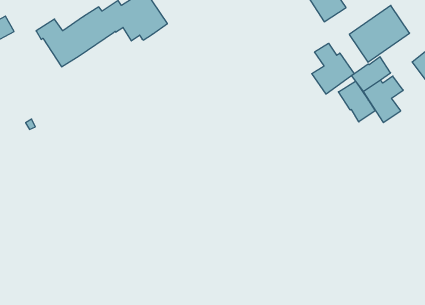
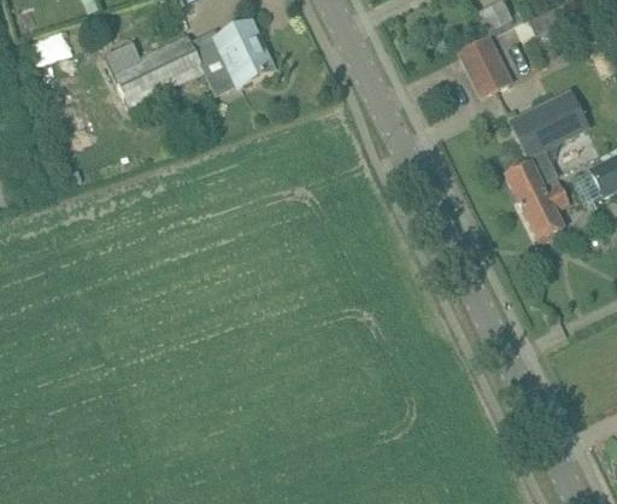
building: [312,43,354,94] -> none
building: [338,81,375,122] -> none

